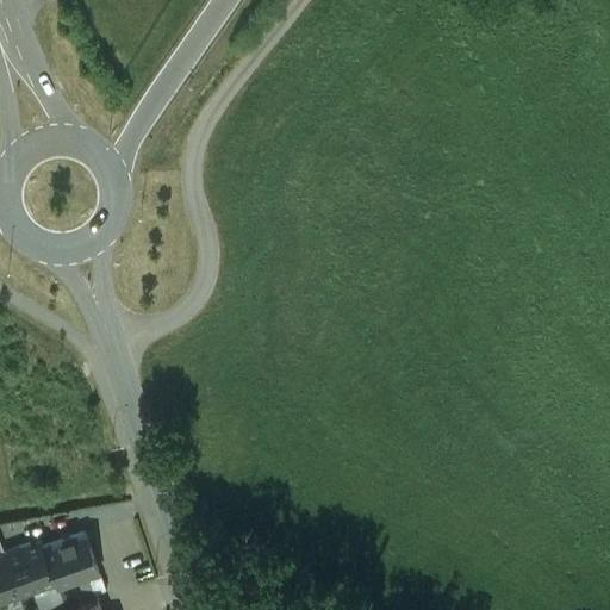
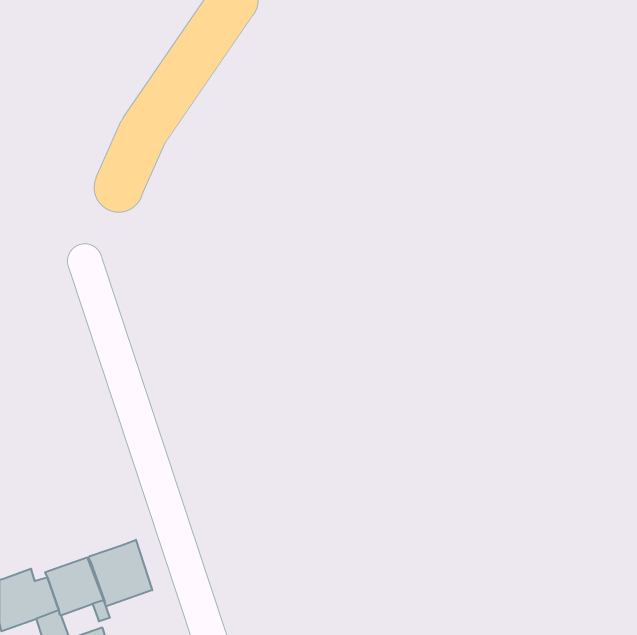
building: none -> [89,540,152,607]

